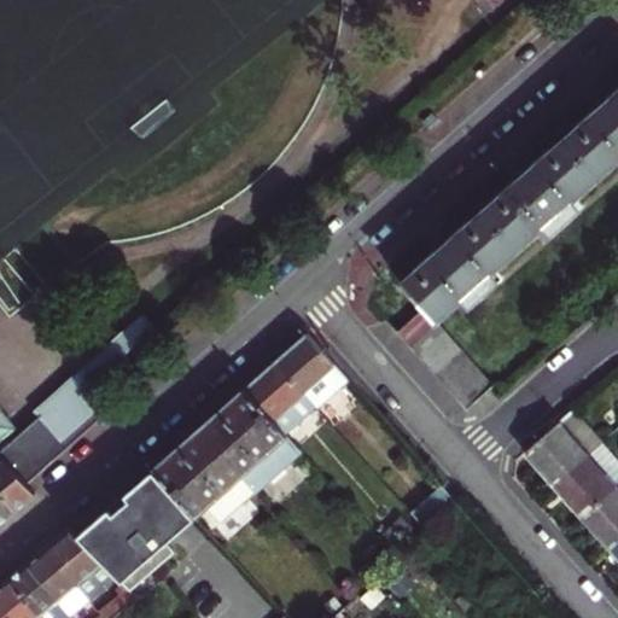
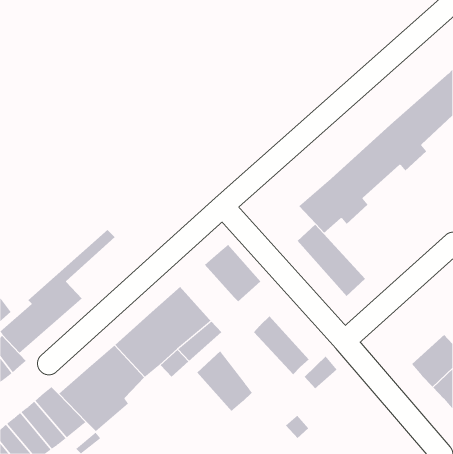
building: [245,360,317,433] -> none
building: [532,426,604,495] -> none
building: none -> [253,315,309,375]
building: none -> [196,350,253,412]

